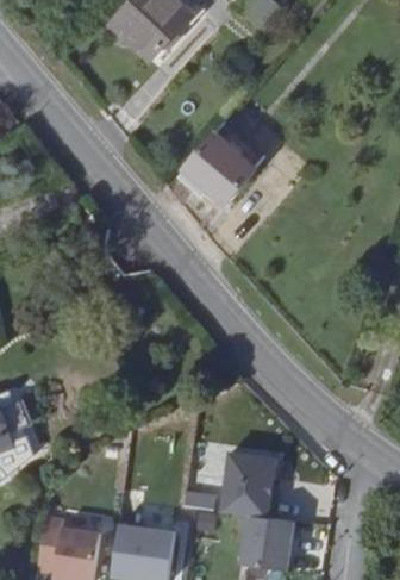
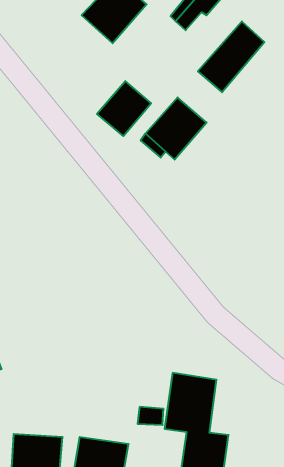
building: none -> [198,21,264,92]
building: none -> [97,81,151,136]

